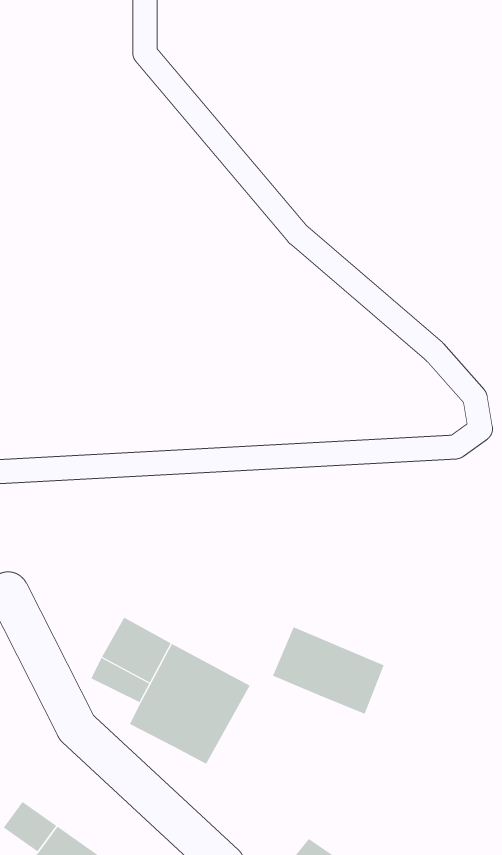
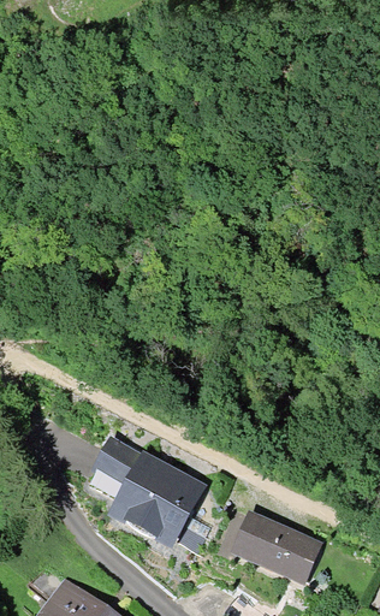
building: [272,627,384,714] -> [239,517,316,578]

